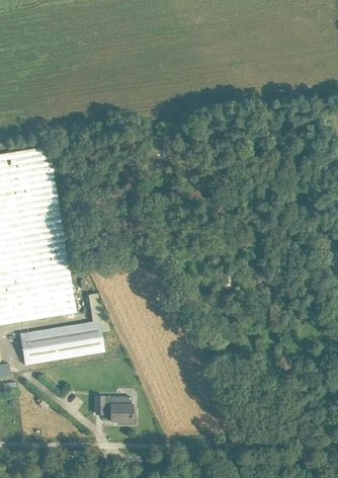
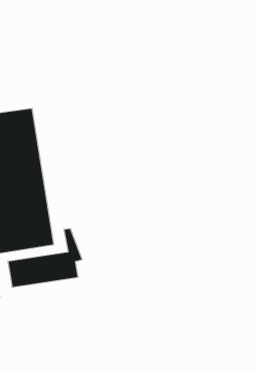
building: [96,396,133,421] -> none

